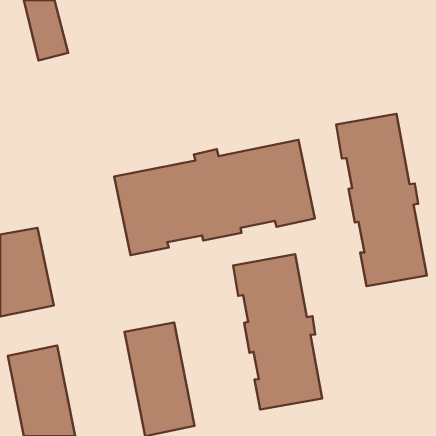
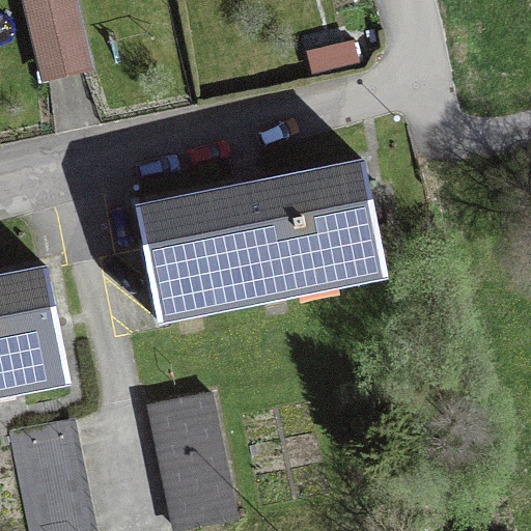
building: [336,114,427,286] -> none
building: [233,254,322,410] -> none

